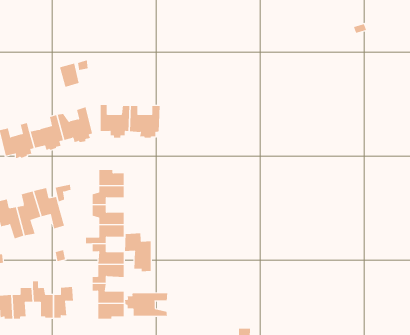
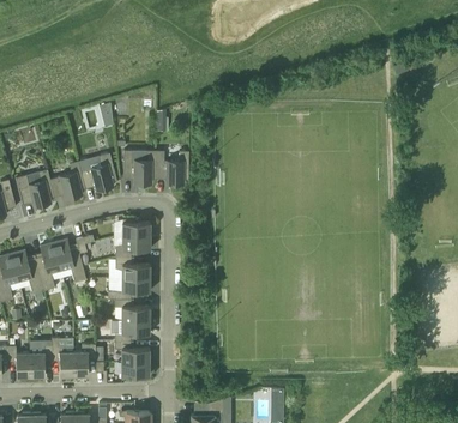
building: [125,233,151,272] -> none
building: [125,293,168,317] -> none

